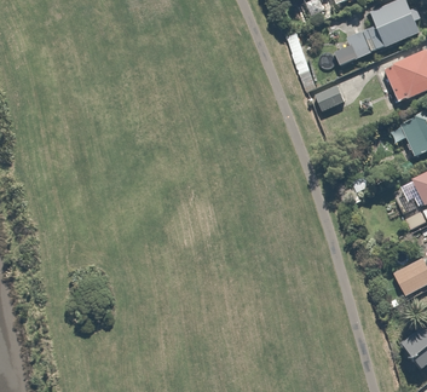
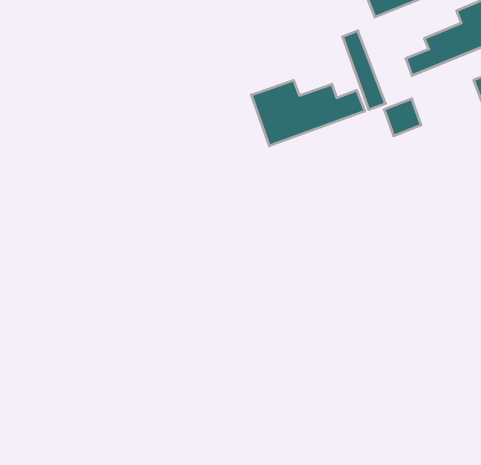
building: none -> [251,80,365,146]

